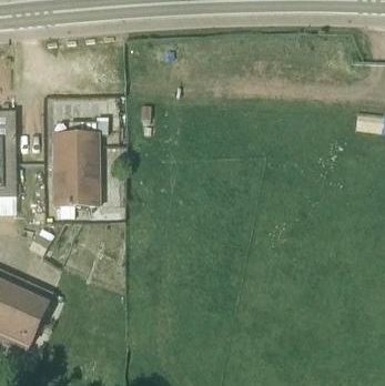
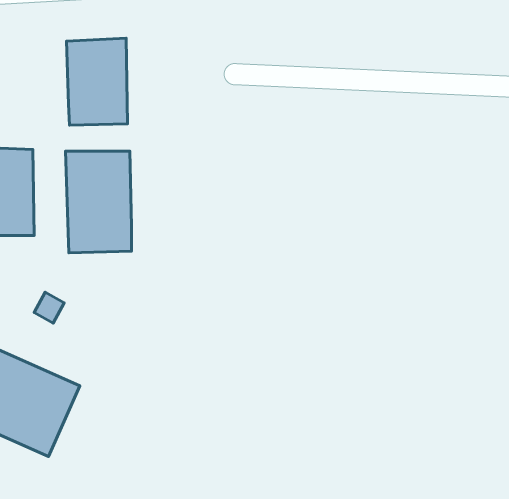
building: none -> [67,38,128,125]

